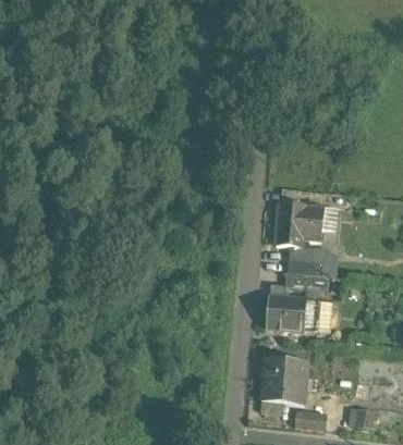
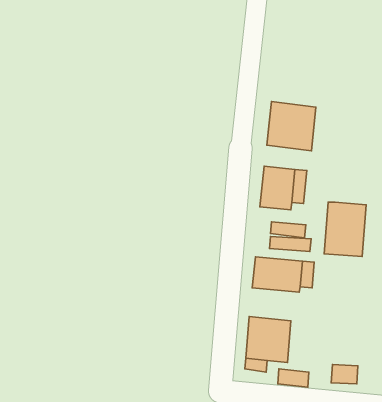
building: none -> [267,101,316,151]
building: none -> [324,202,366,256]

